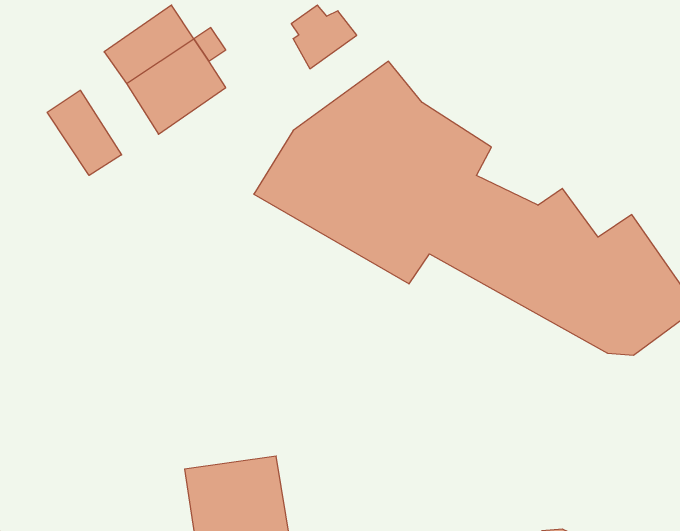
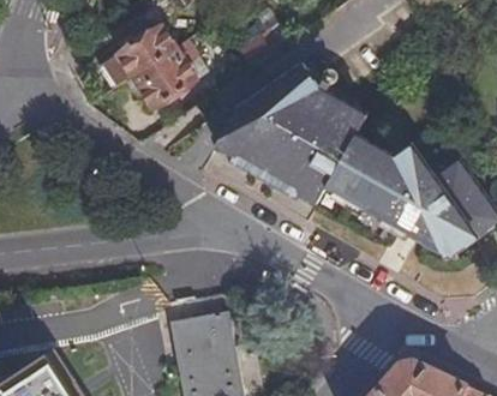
building: [47,90,122,175] -> none

